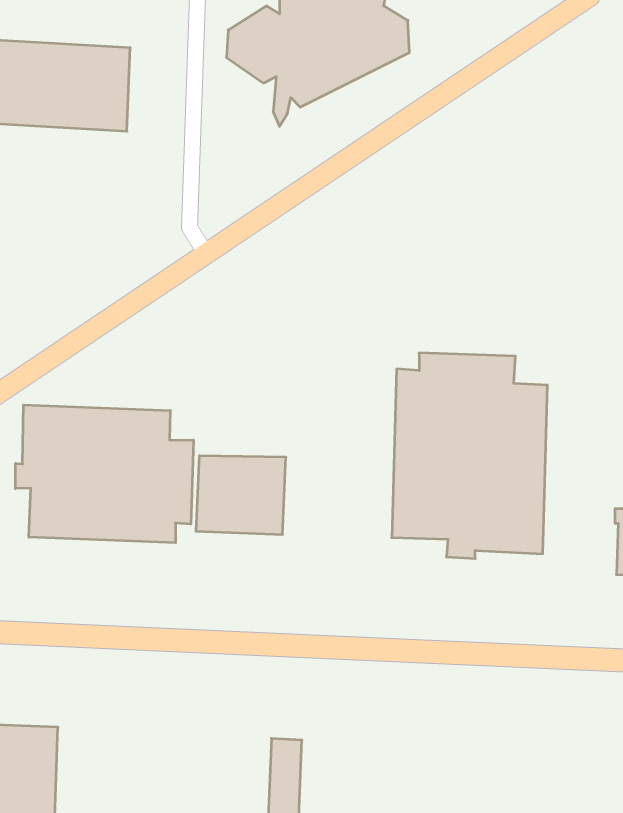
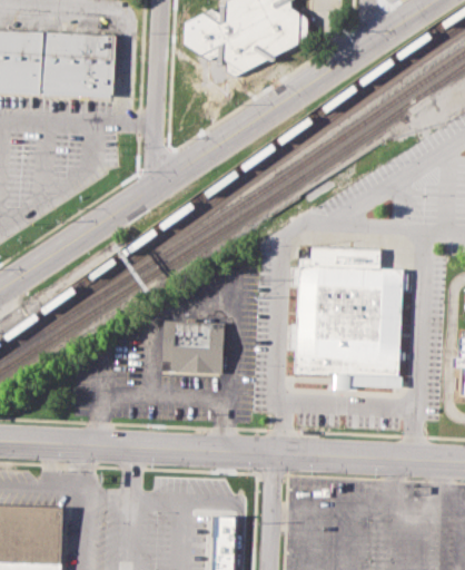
building: [15,405,193,543] -> none

